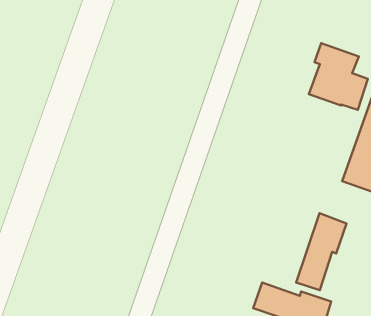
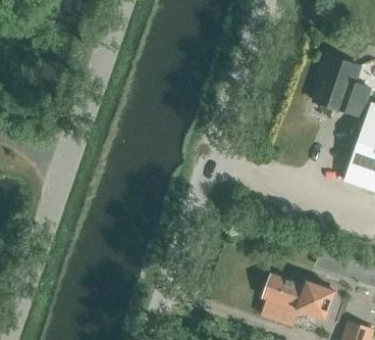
building: [296,213,346,290] -> none

